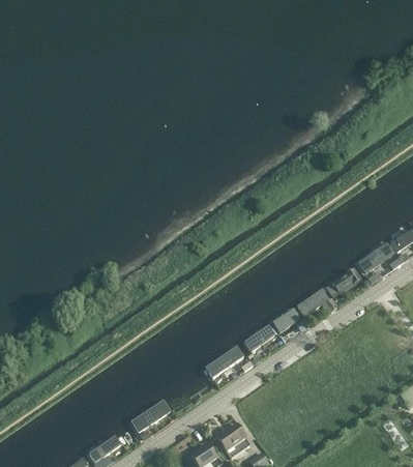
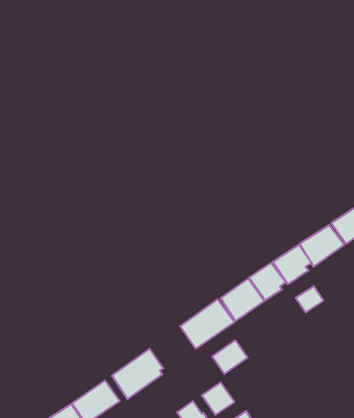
building: none -> [296,286,323,312]
building: none -> [212,340,248,374]

